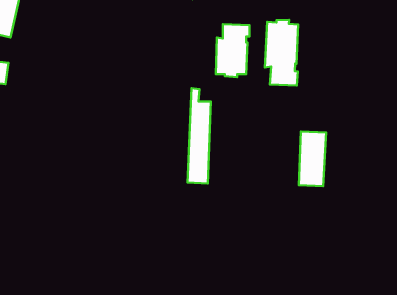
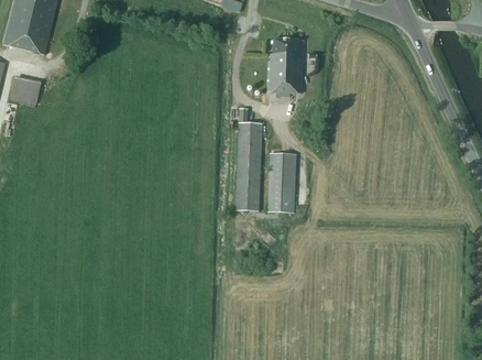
building: [265,20,298,85] -> none
building: [299,132,326,186] -> [266,153,296,212]

